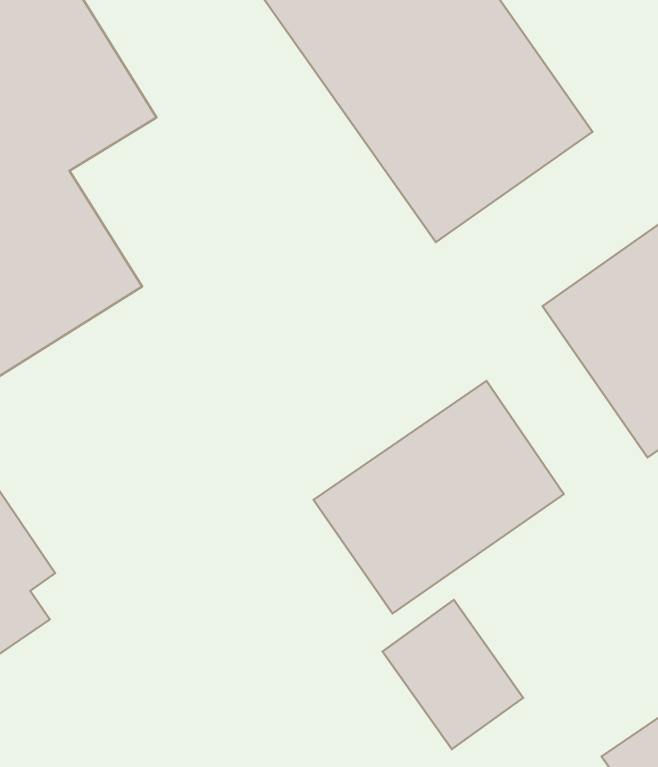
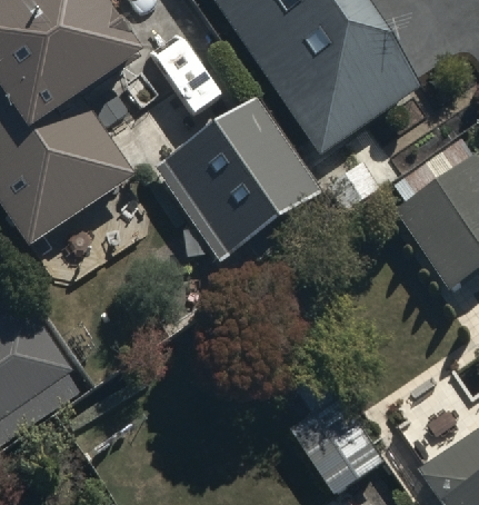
building: none -> [157,99,320,264]
building: [313,381,564,613] -> none

